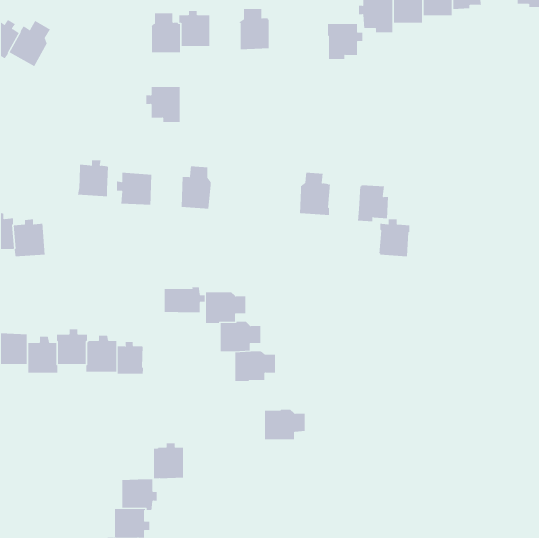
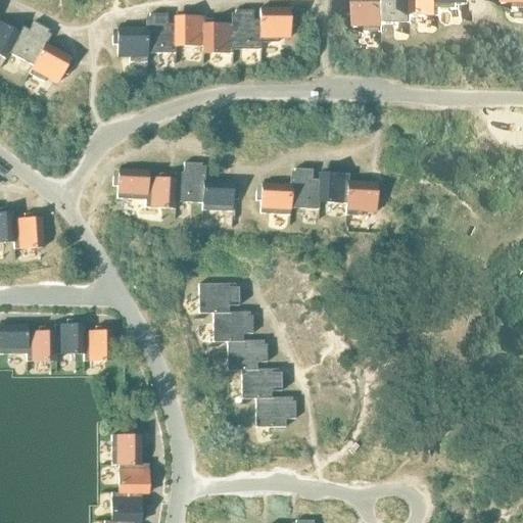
building: none -> [202,16,233,52]
building: [327,24,363,60] -> [260,6,295,41]
building: none -> [30,42,73,83]
building: [145,86,180,122] -> [113,26,147,60]
building: [77,157,109,197] -> [146,169,177,207]
building: none -> [203,178,238,210]
building: none -> [256,182,291,213]
building: [378,219,410,267] -> [319,167,349,213]
building: [164,286,205,313] -> none
building: [117,341,143,375] -> none
building: none -> [242,368,282,397]
building: [153,443,184,479] -> [112,429,142,464]

